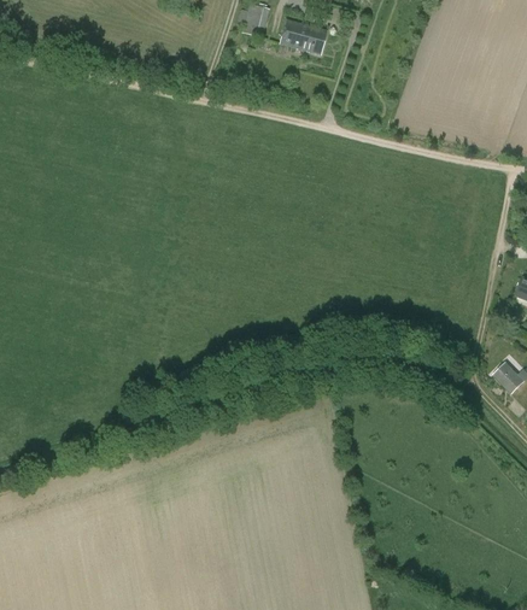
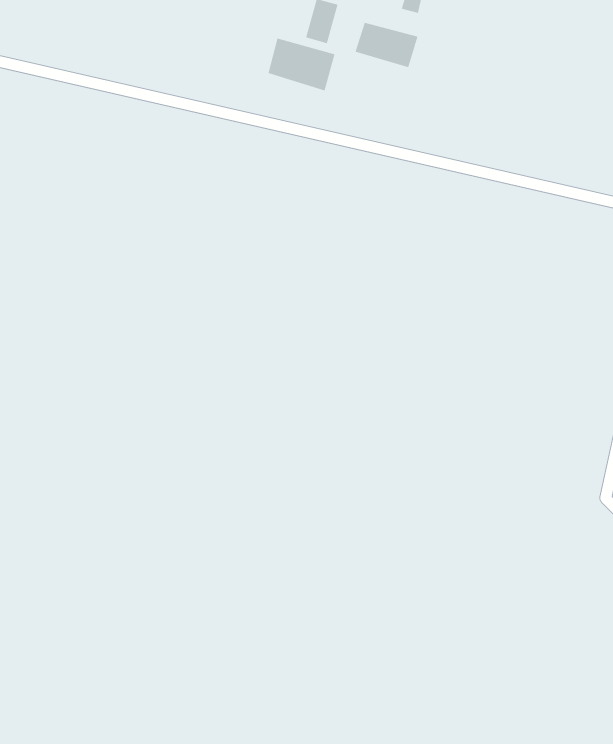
building: none -> [268,38,336,92]

